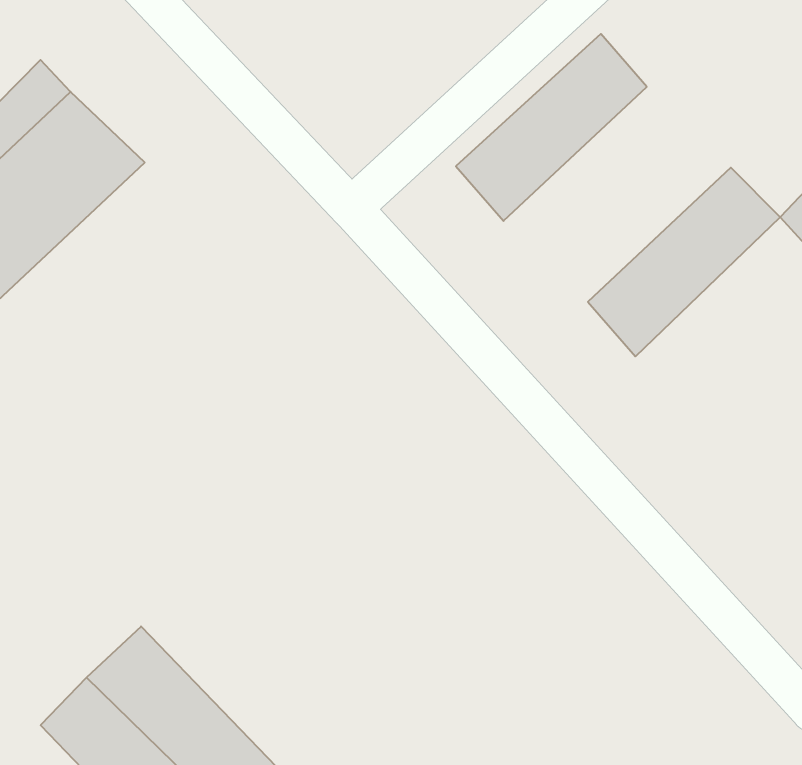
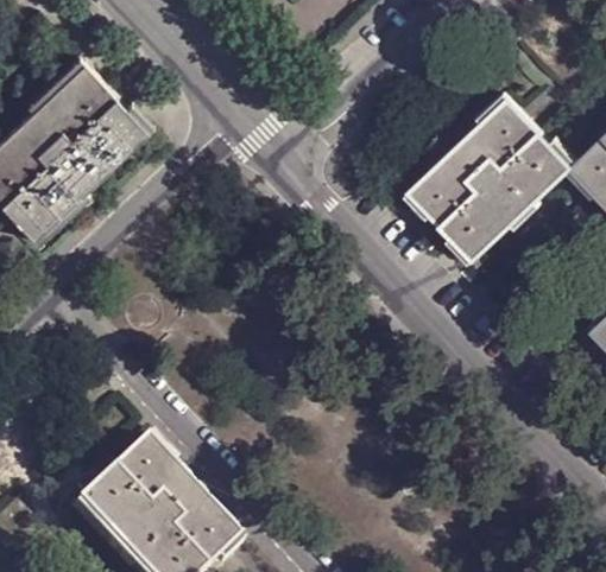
building: [456,34,647,221] -> [415,96,543,222]

